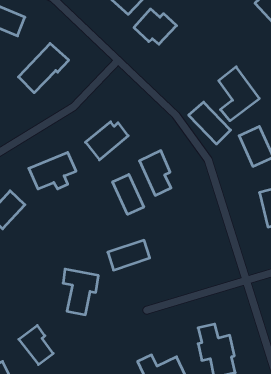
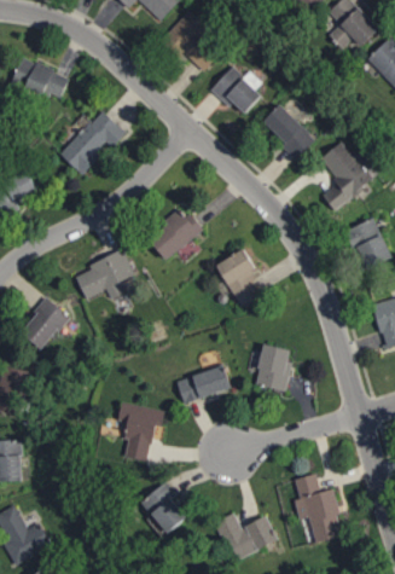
building: [189,102,231,144] -> [261,104,315,158]
building: [113,174,144,214] -> none
building: none -> [254,343,292,392]
building: [19,325,53,365] -> [141,482,186,533]

